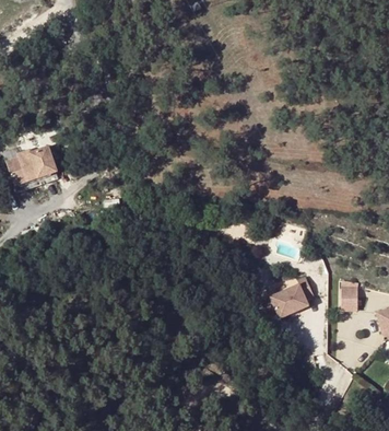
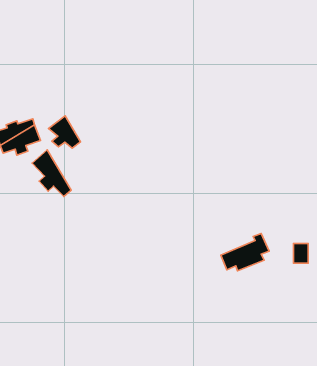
building: none -> [48,116,81,148]
building: none -> [32,150,71,197]

